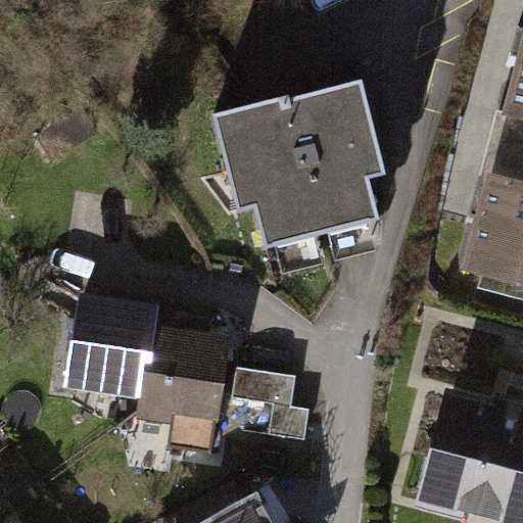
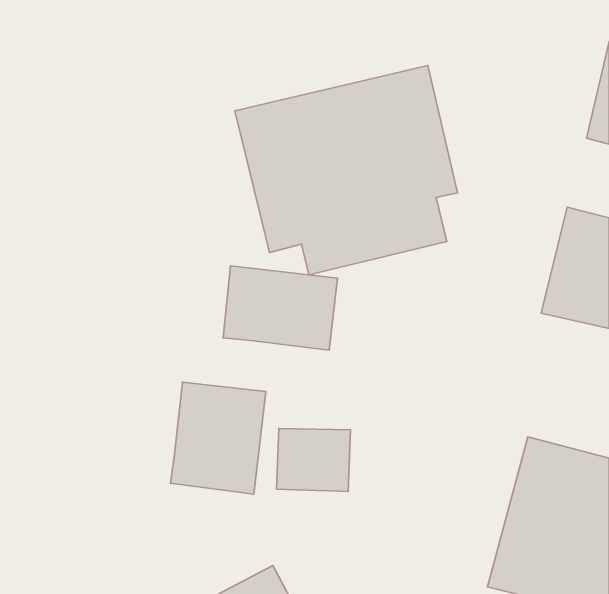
building: none -> [223,266,338,350]
building: [74,308,159,405] -> none

